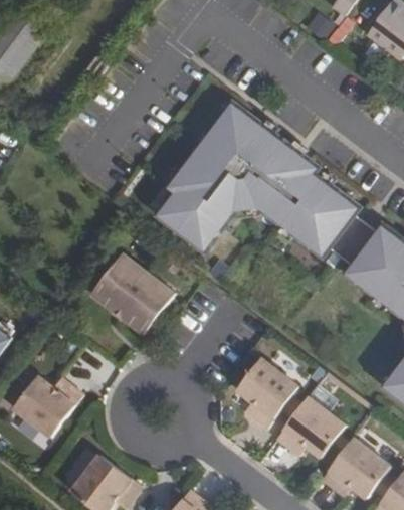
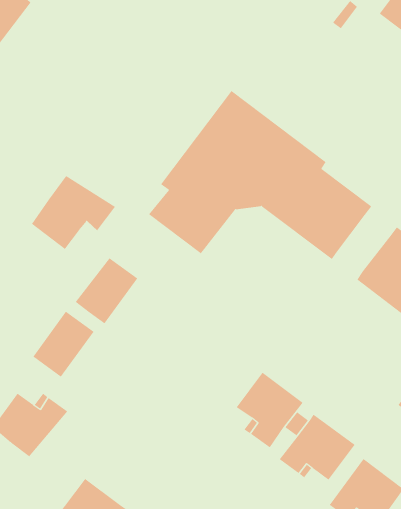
building: none -> [31,175,116,250]
building: [328,216,376,267] -> none
building: [117,274,173,334] -> [32,311,94,377]

